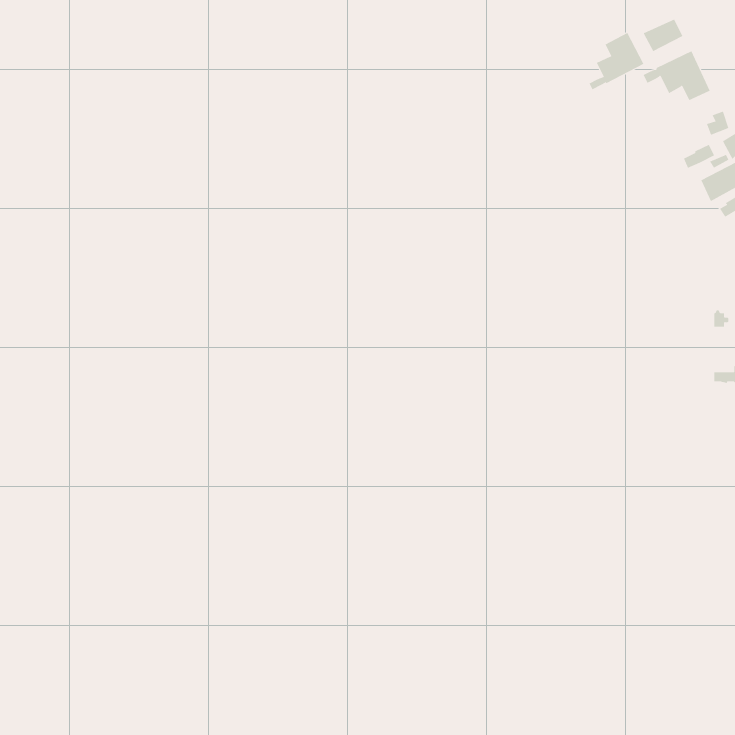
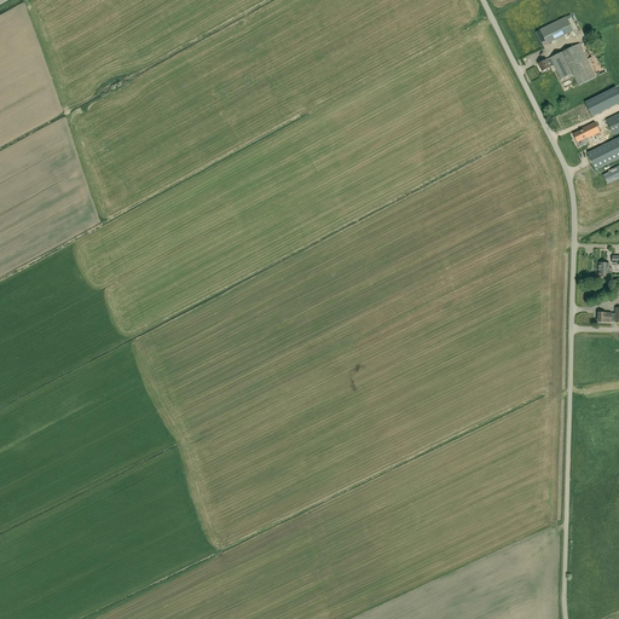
building: [589,32,644,90] -> none

